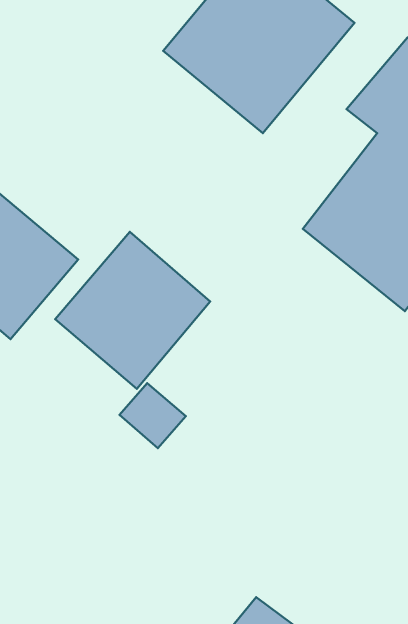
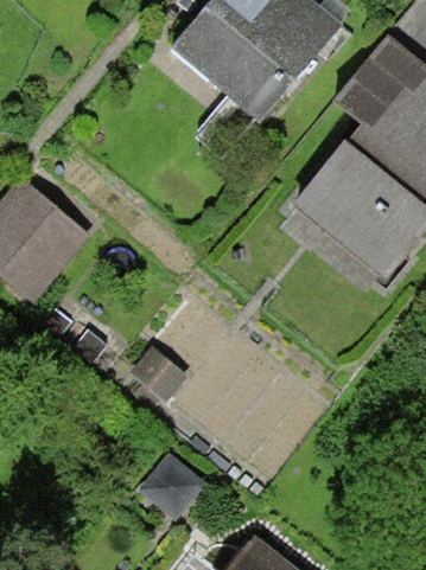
building: [55,232,210,389] -> none

